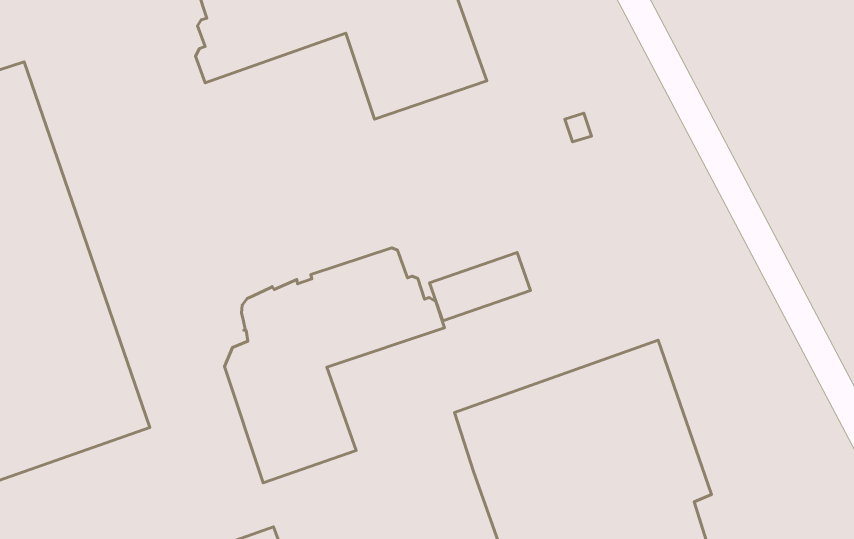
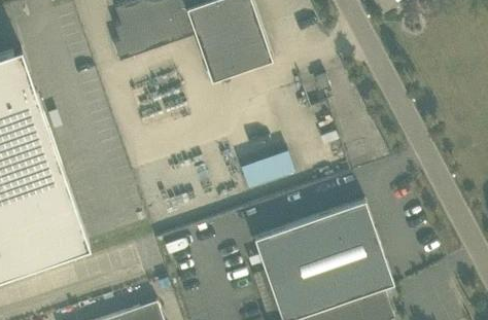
building: [224,248,445,483] -> none

